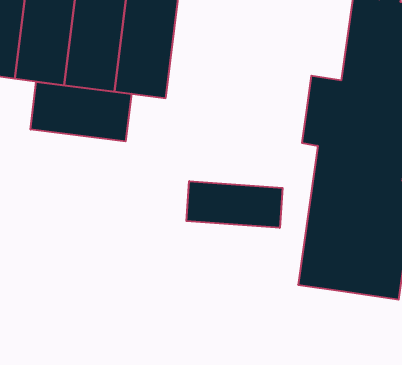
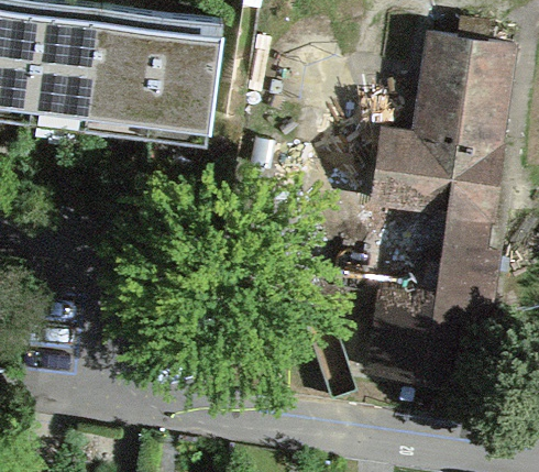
building: [31,82,131,141] -> none
building: [186,181,283,228] -> none

